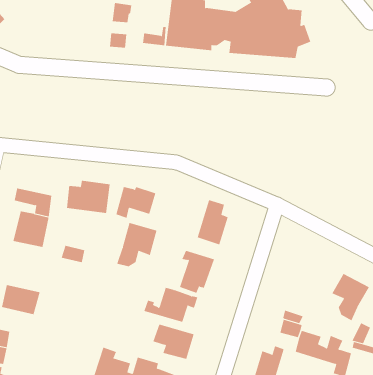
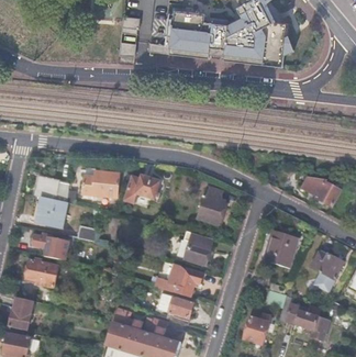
building: none -> [300,176,341,205]
building: [117,222,157,267] -> none
building: none -> [263,228,299,268]
building: none -> [33,234,69,260]

